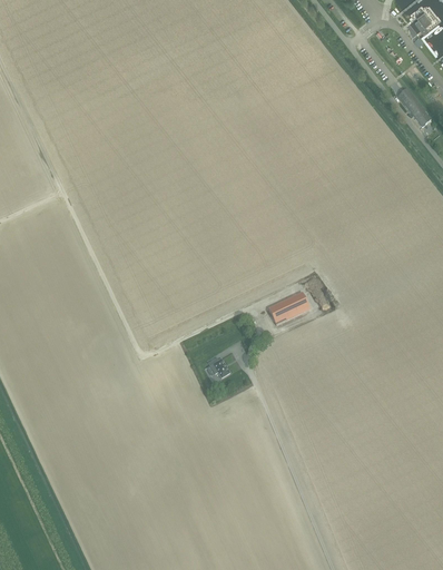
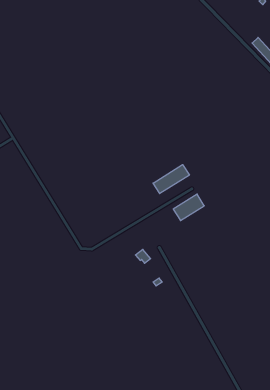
building: none -> [153,165,189,194]

